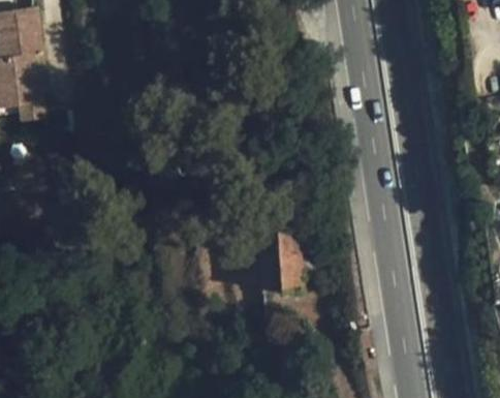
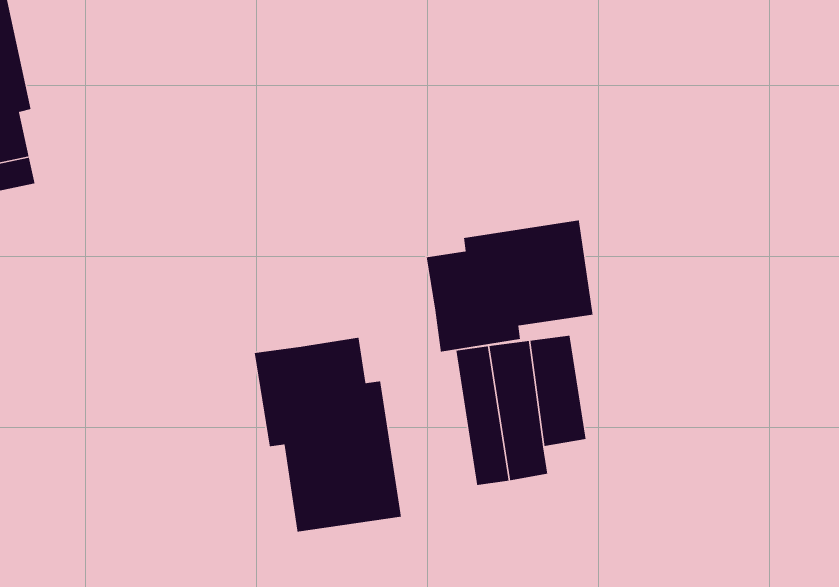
building: none -> [426,219,594,353]
building: none -> [254,337,402,533]

